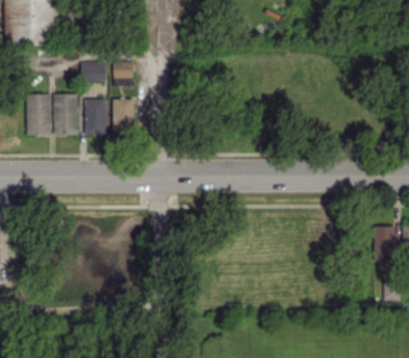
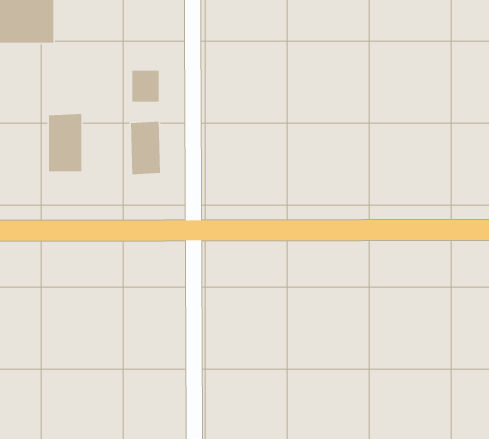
building: [82,62,105,82] -> none
building: [27,94,51,135] -> none
building: [85,98,107,135] -> none

